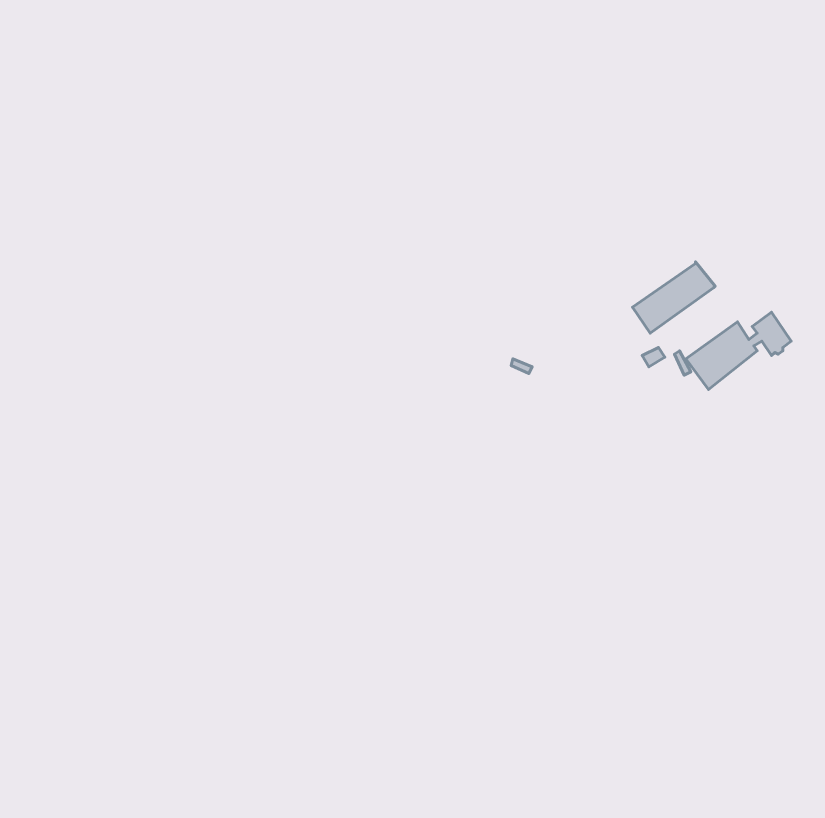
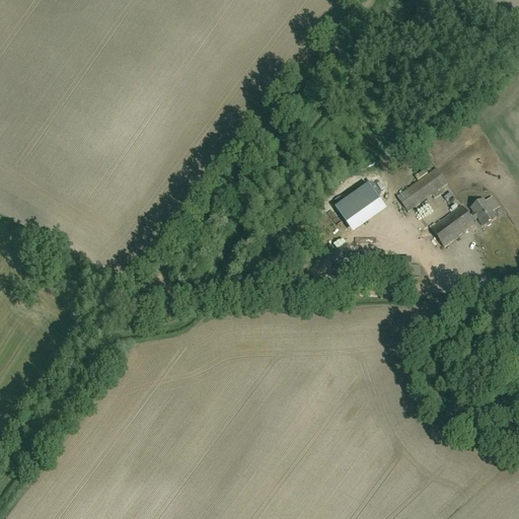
building: none -> [337,182,388,232]

